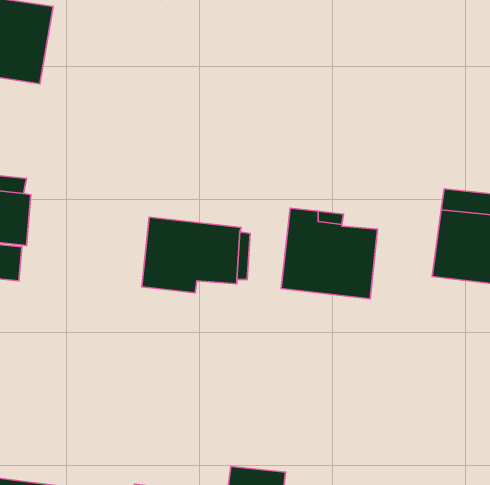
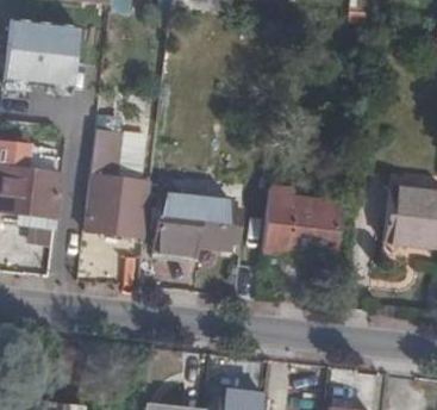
building: none -> [86,136,138,238]

